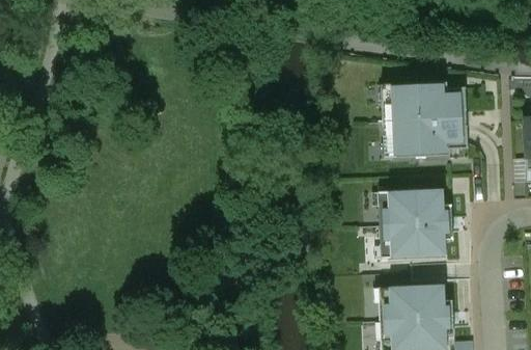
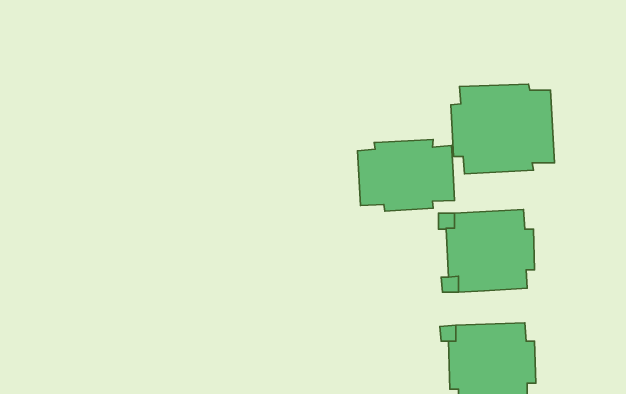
building: none -> [358,139,454,211]

